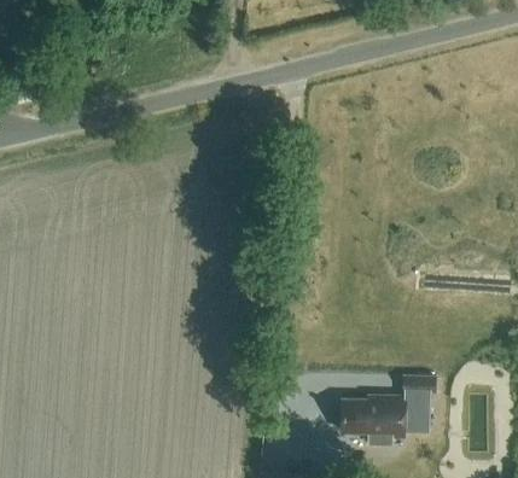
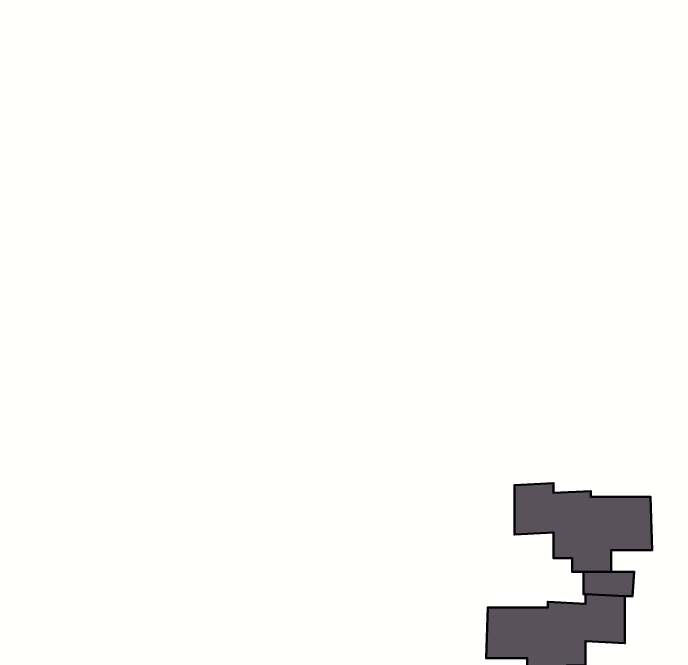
building: none -> [514,483,652,572]

